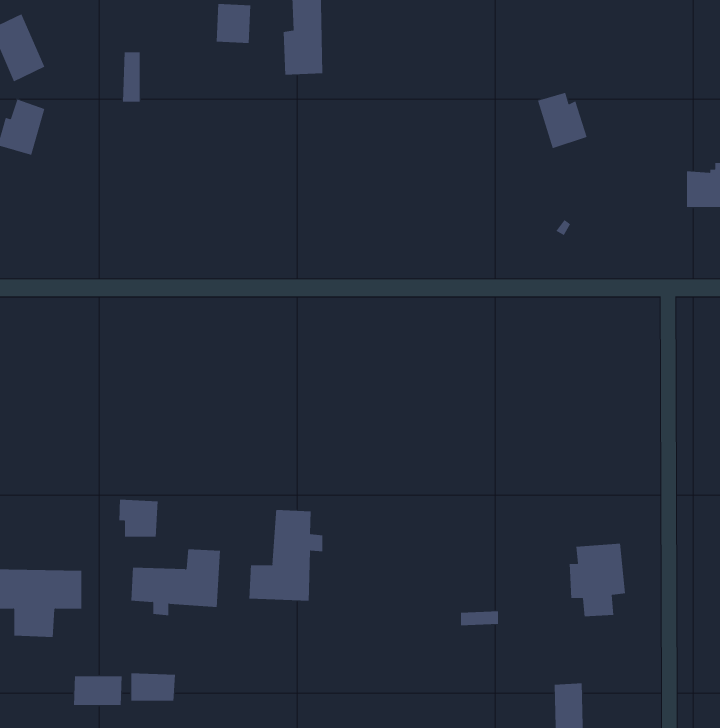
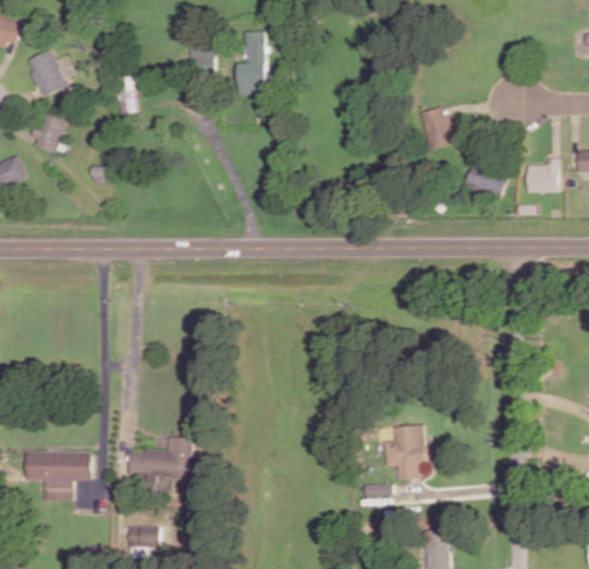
building: none -> [466,163,509,196]
building: [119,499,158,537] -> none
building: [249,509,323,602] -> none
building: [569,543,626,617] -> [386,424,427,477]
building: [74,676,122,706] -> none

